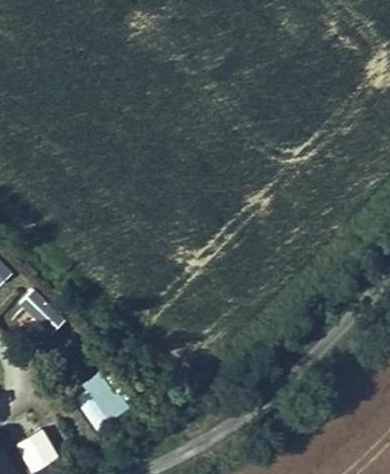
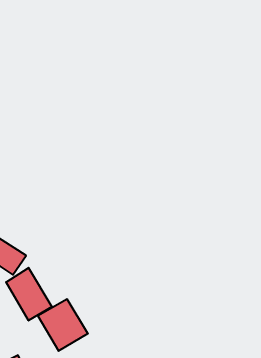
building: none -> [6,268,52,321]

